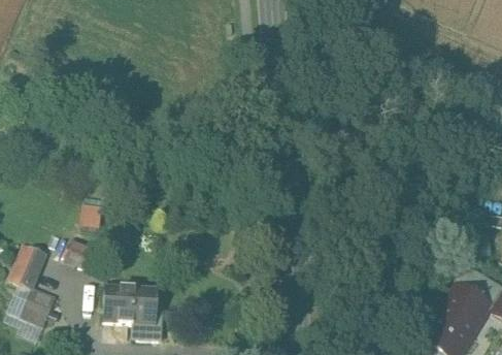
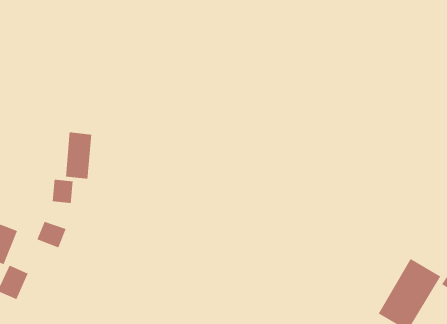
building: none -> [65,131,92,180]
building: [105,288,162,340] -> none

